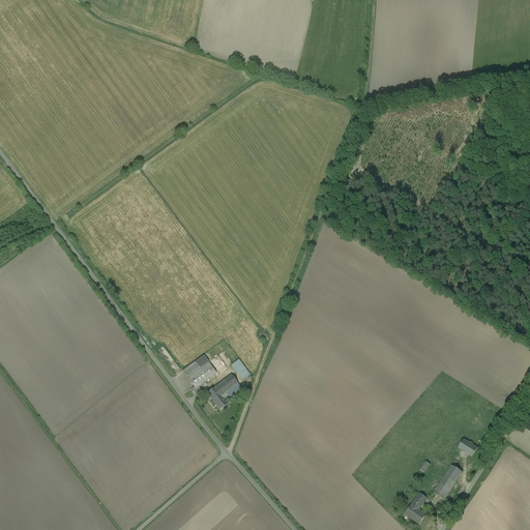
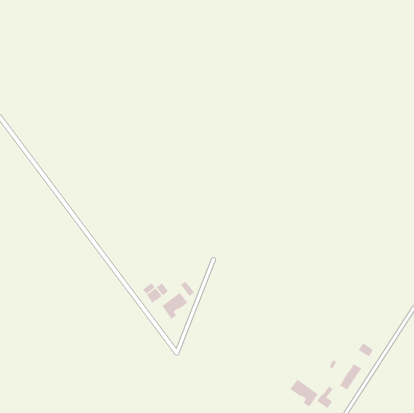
building: none -> [290,379,318,408]

